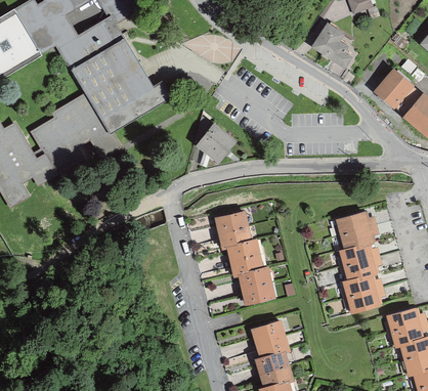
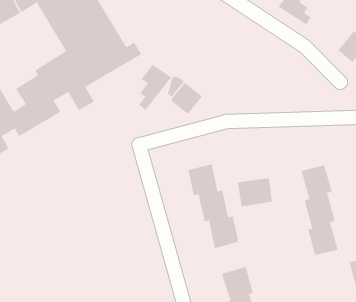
building: none -> [138,64,172,111]
building: none -> [237,178,273,207]

